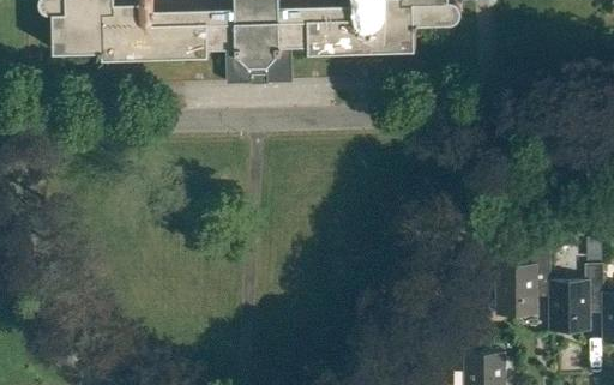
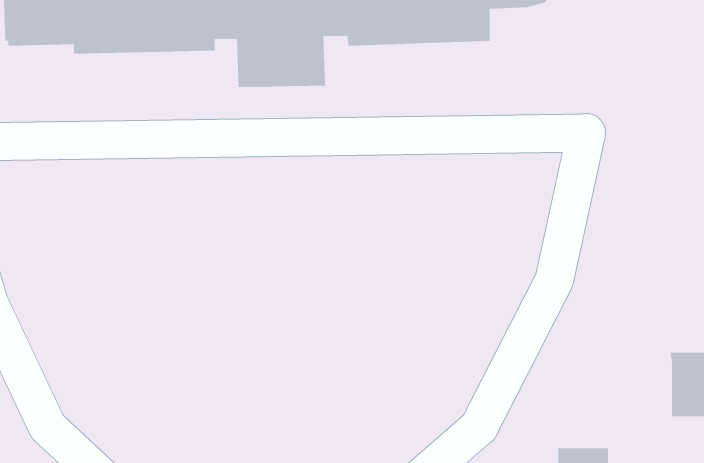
building: [498,247,553,313] -> none

